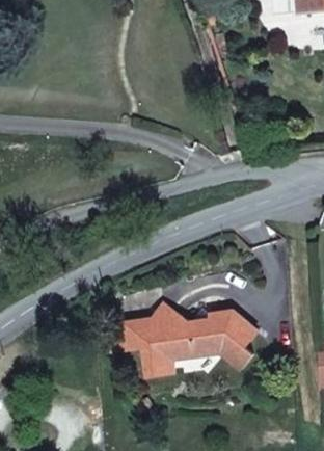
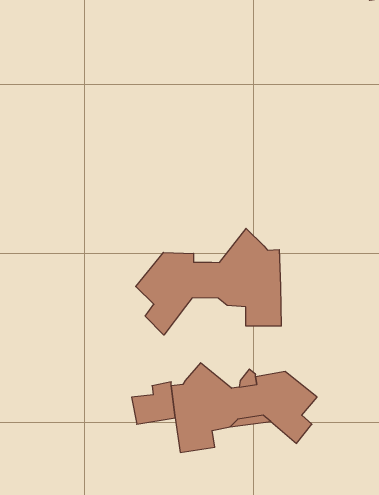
building: none -> [136,228,281,335]

